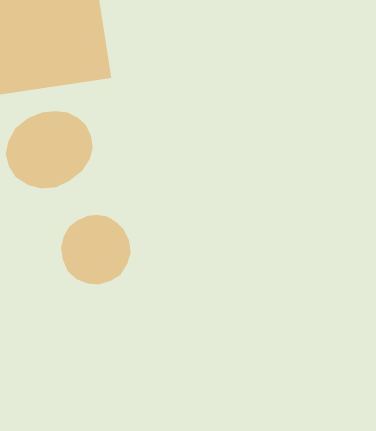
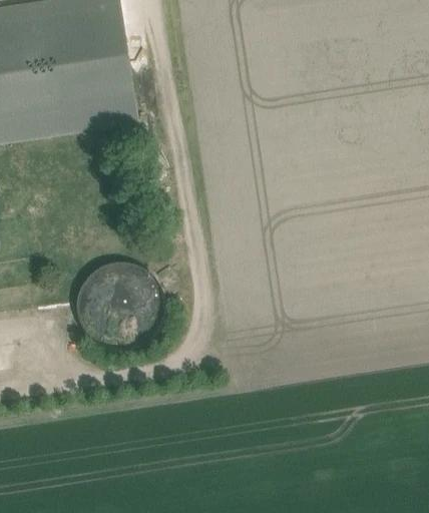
building: [5,110,93,189] -> none

